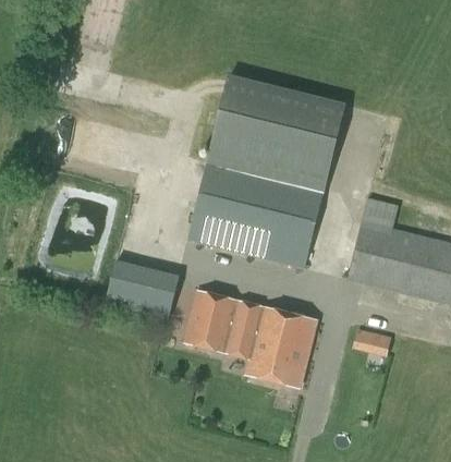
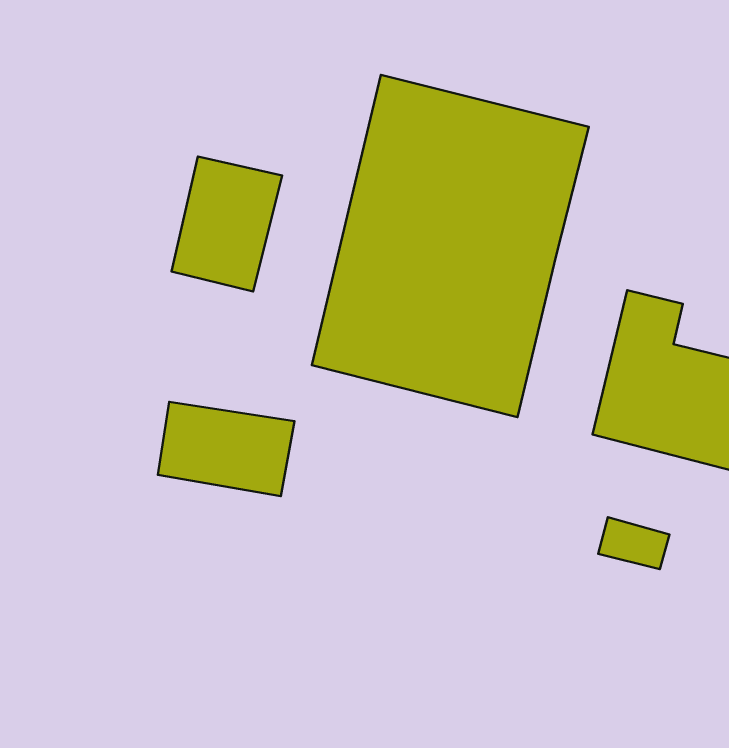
building: none -> [172,156,282,292]
building: [183,290,317,388] -> none

